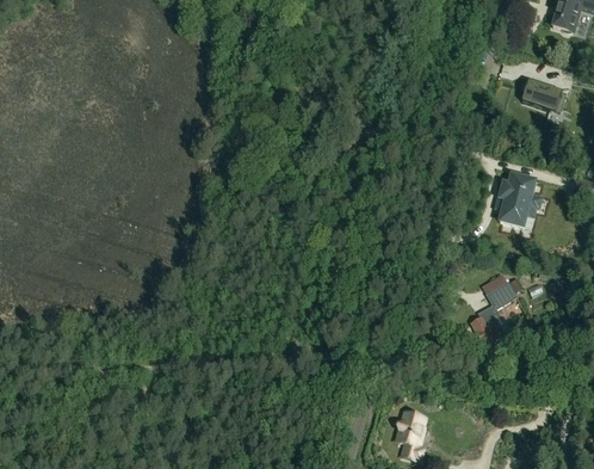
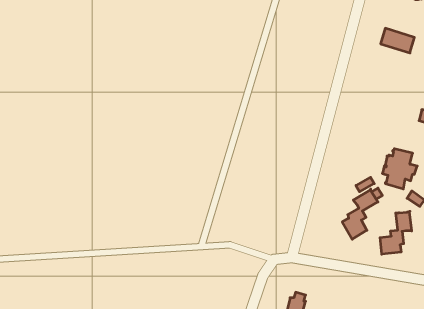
building: [495,177,540,229] -> [382,149,417,189]
building: none -> [380,211,412,254]

